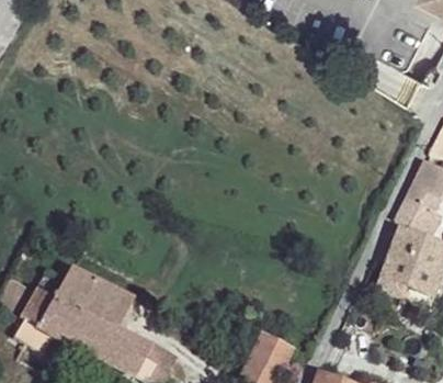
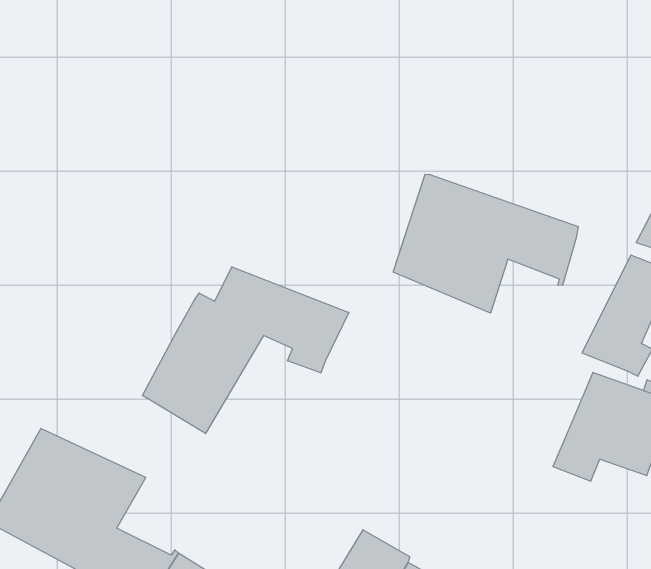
building: none -> [393,174,578,313]
building: none -> [142,267,349,434]

